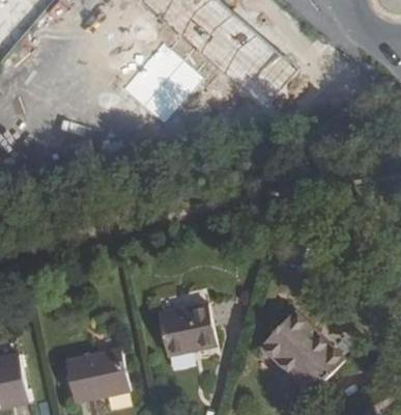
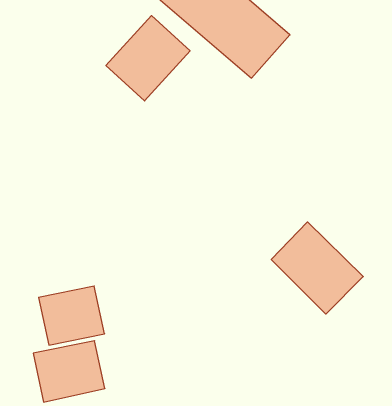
building: [153,300,213,354] -> [39,286,105,345]
building: [257,308,341,392] -> [271,222,363,314]

